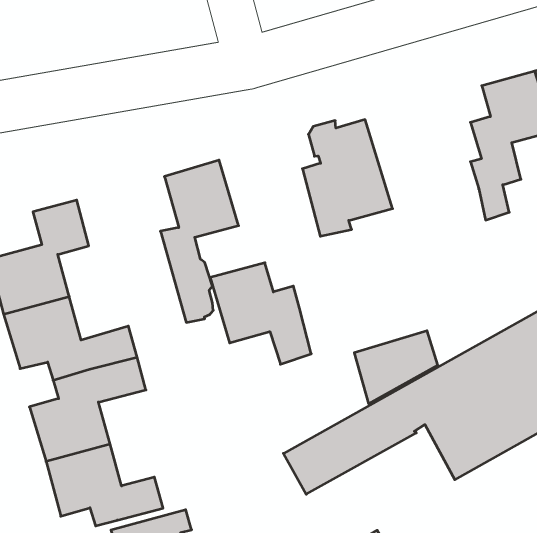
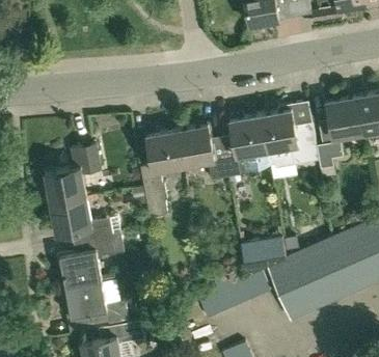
building: none -> [260,105,319,167]
building: [210,263,311,364] -> [177,125,228,182]

